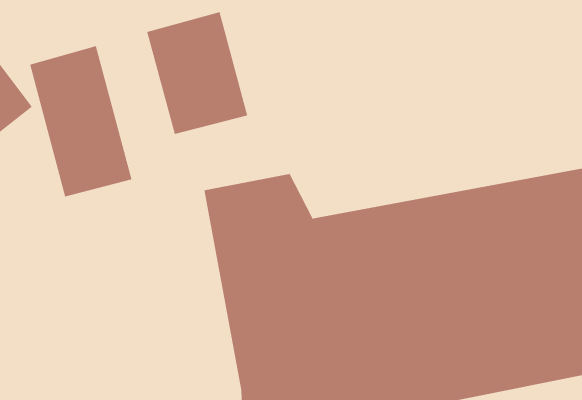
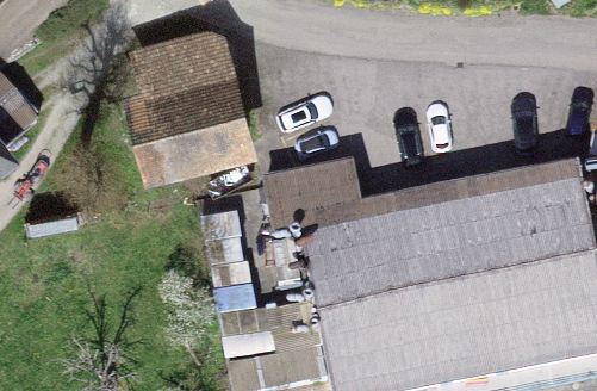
building: [29,45,132,197] -> none

